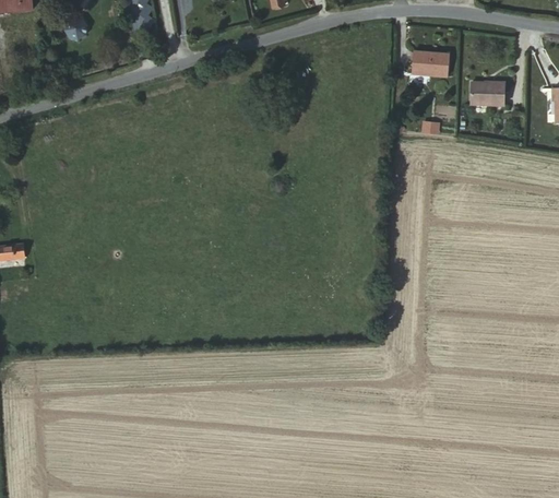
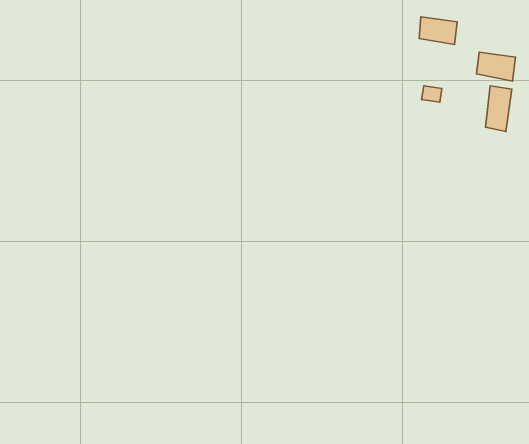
building: none -> [486,86,512,132]

